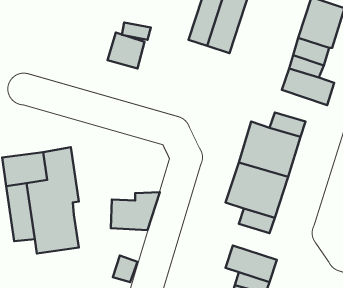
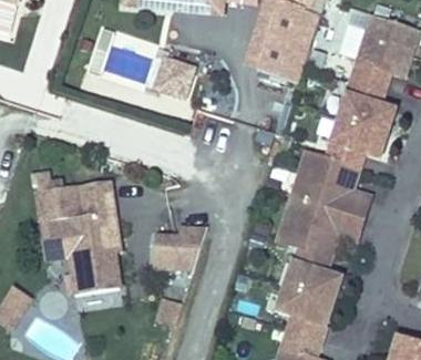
building: none -> [332,116,389,156]
building: none -> [287,261,342,300]

